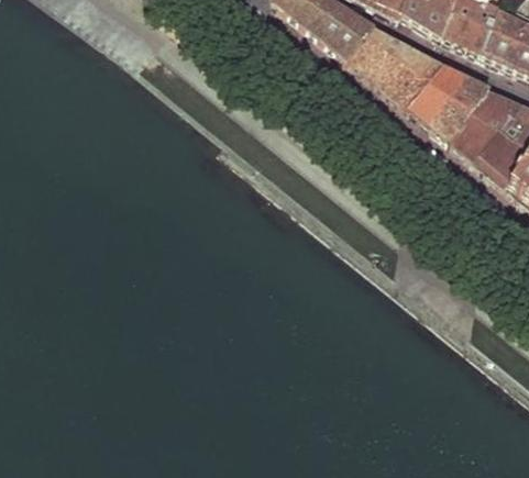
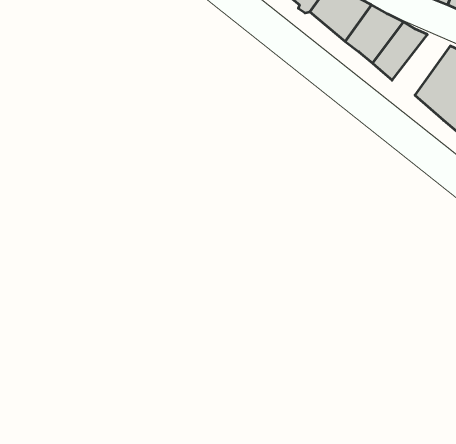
building: [430,82,486,141] -> none

